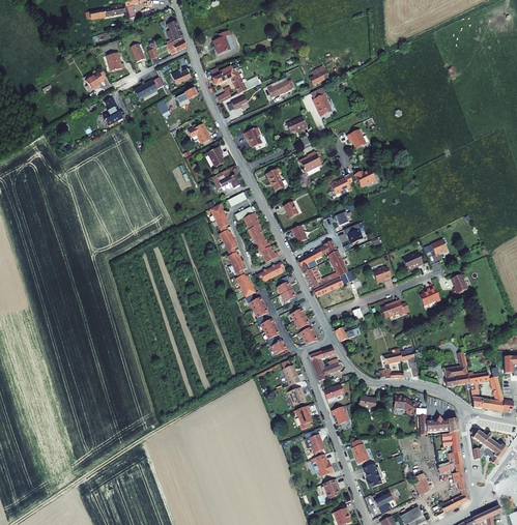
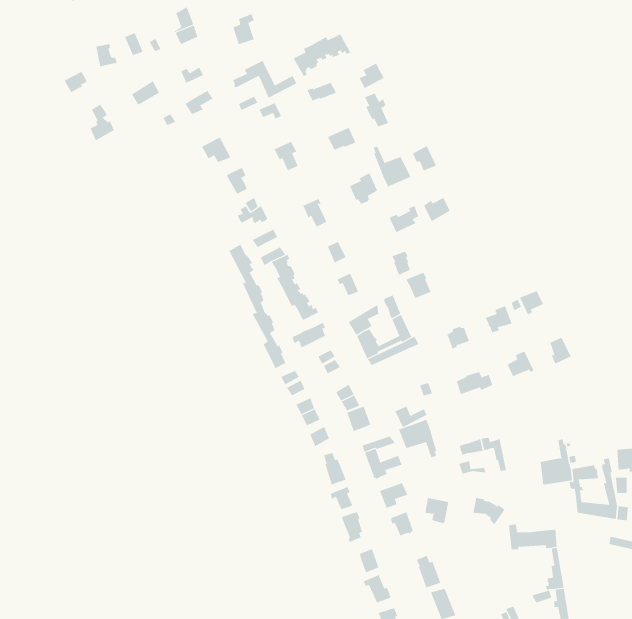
building: none -> [293,33,351,77]
building: none -> [373,146,411,188]
building: none -> [398,419,437,458]
building: [471,428,508,462] -> none

